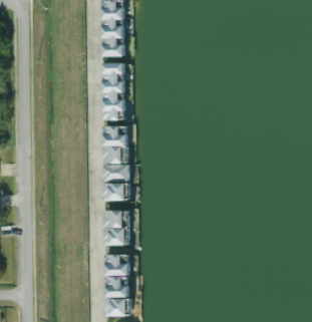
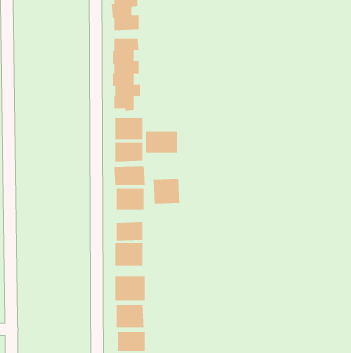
building: none -> [145,131,177,153]
building: none -> [153,178,180,204]

